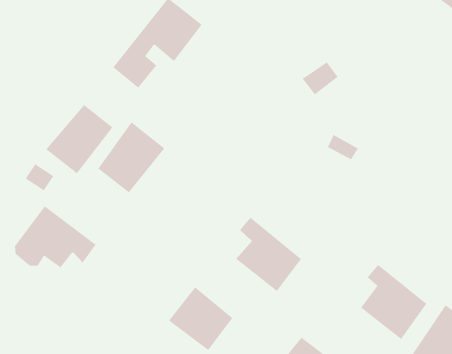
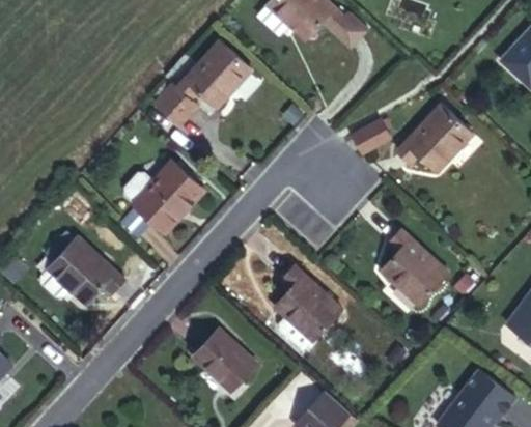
building: none -> [395,113,467,173]
building: [46,104,113,174] -> none
building: [360,264,427,340] -> [382,227,450,306]

